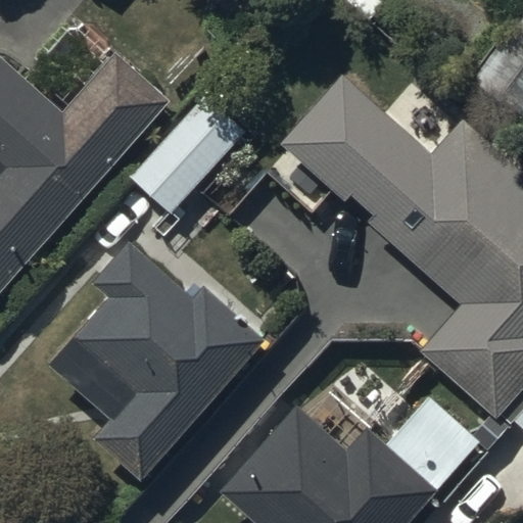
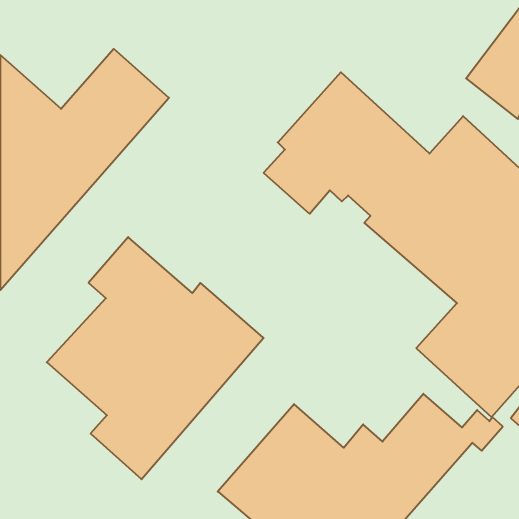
building: [128,94,247,217] -> none

